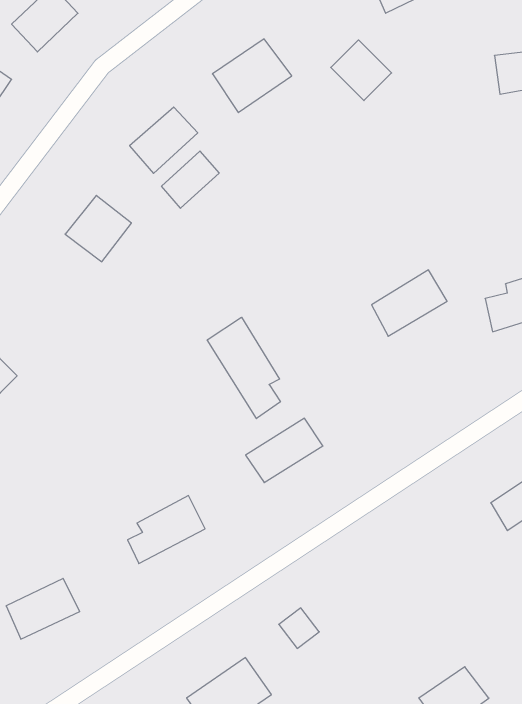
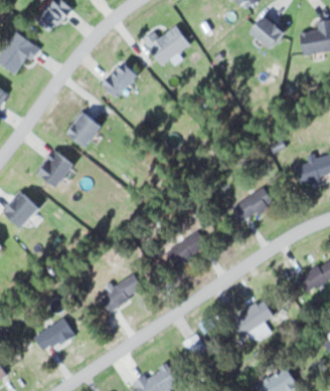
building: [331,40,392,101] -> [253,17,286,50]
building: [162,151,219,208] -> none
building: none -> [37,149,74,187]
building: [372,270,447,336] -> [232,188,274,224]
building: [207,317,280,419] -> none
building: none -> [232,303,273,333]

